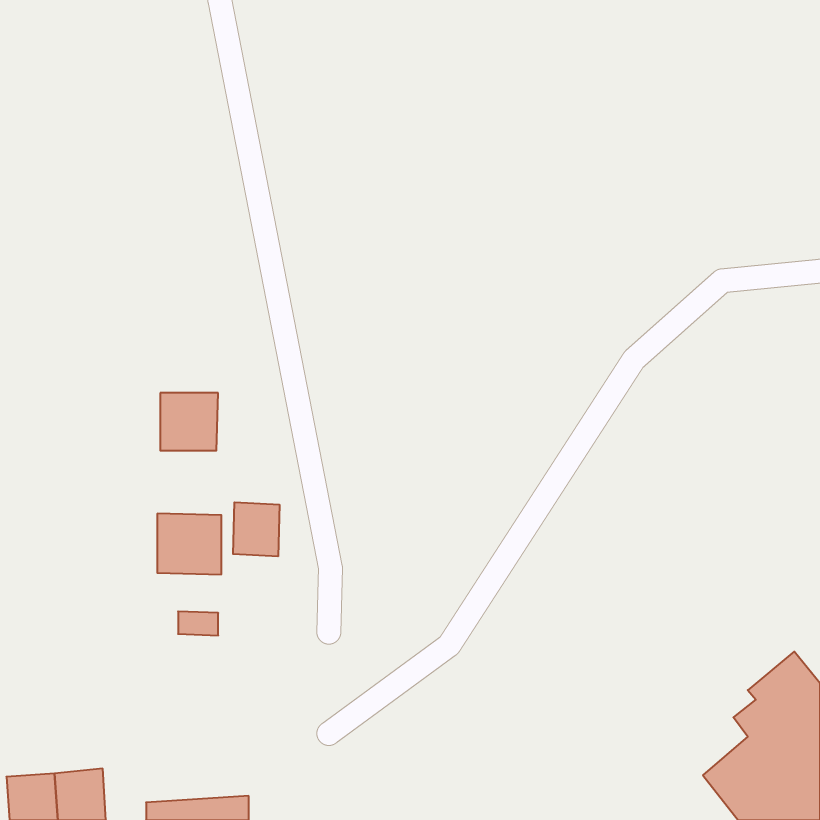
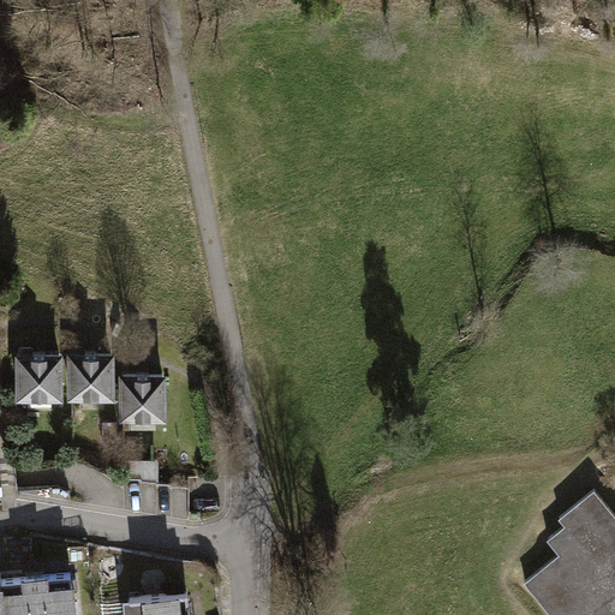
building: [160,393,218,451] -> [66,359,109,402]
building: none -> [14,358,59,408]
building: [233,502,279,556] -> none

